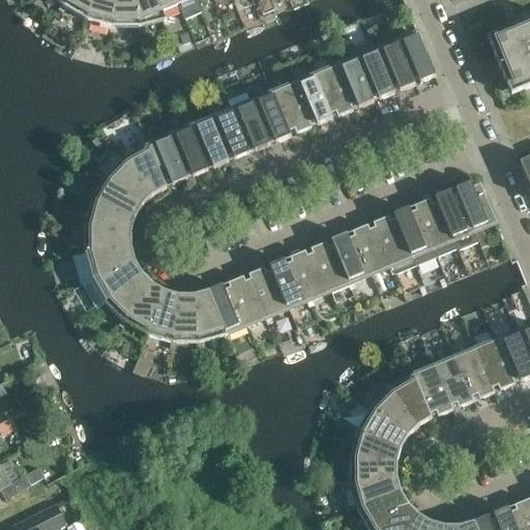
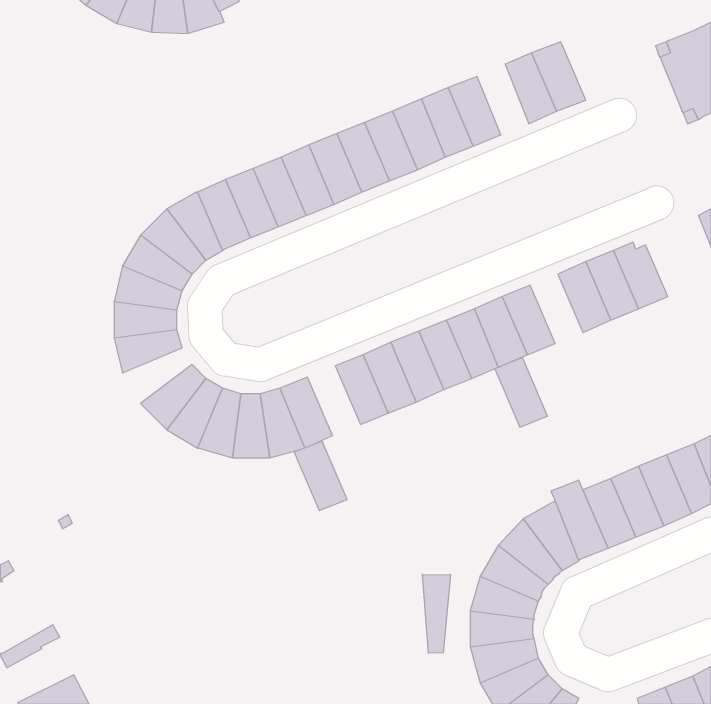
building: [355,48,393,100] -> none
building: [394,204,434,256] -> [495,358,548,427]
building: [91,259,143,300] -> none
building: [229,272,268,324] -> [294,441,347,511]
building: none -> [422,574,450,653]

